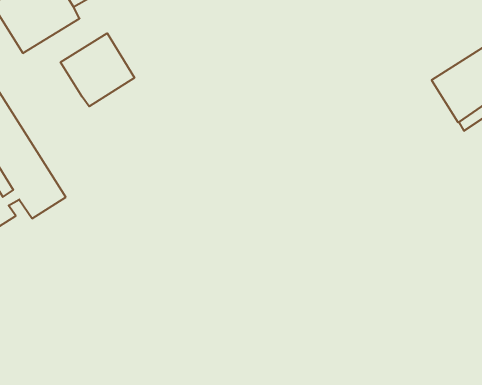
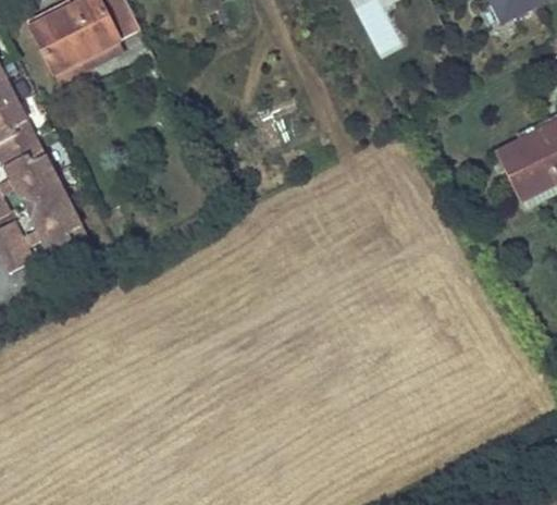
building: [61,33,134,106] -> none

